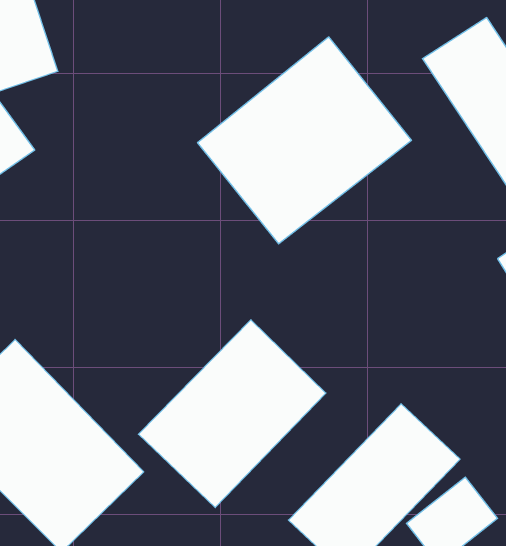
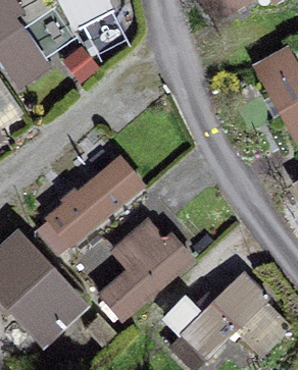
building: [198,37,411,244] -> none
building: none -> [37,155,147,256]

